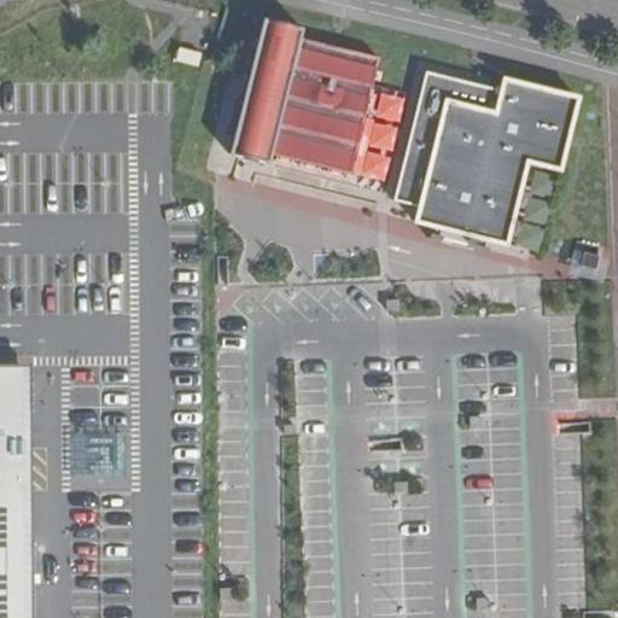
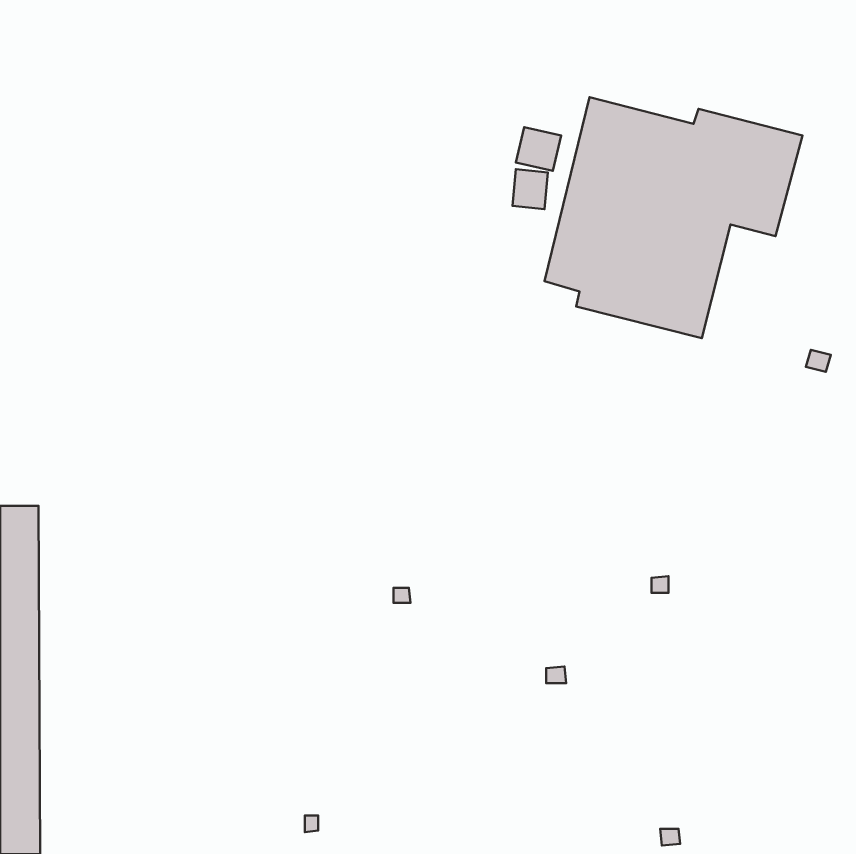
building: [228,18,379,174] -> none

